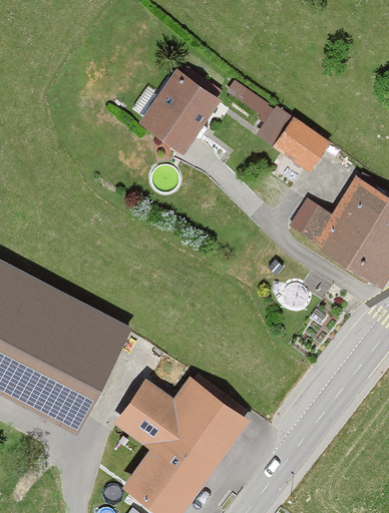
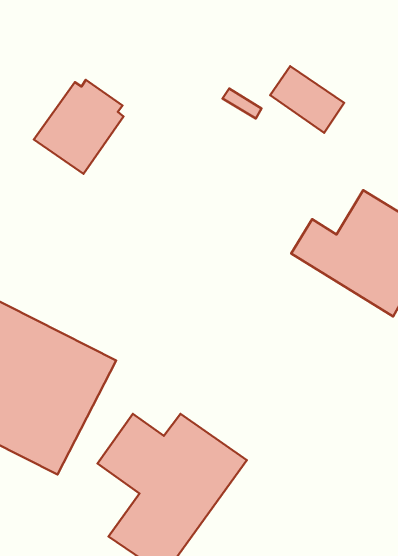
building: [138,68,220,153] -> [34,80,123,174]
building: [259,108,326,168] -> [270,66,344,133]

